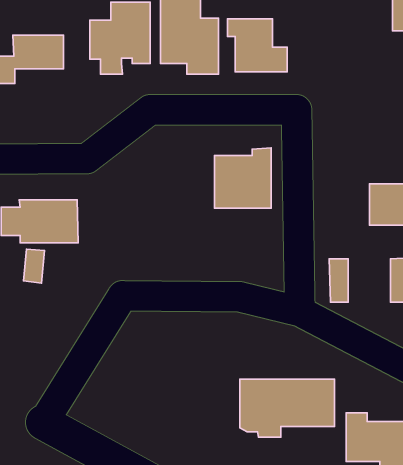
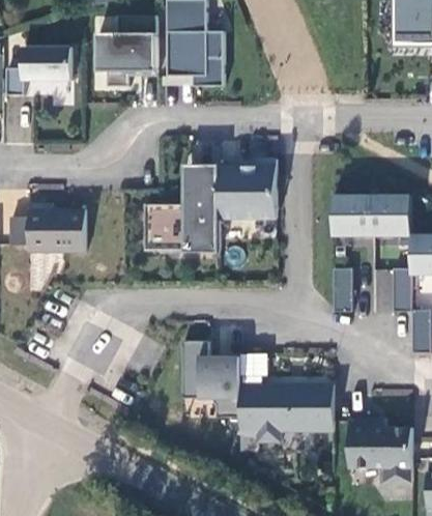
building: [227,19,287,72] -> none
building: none -> [143,166,219,251]
building: none -> [332,194,371,234]
building: none -> [186,342,243,418]

